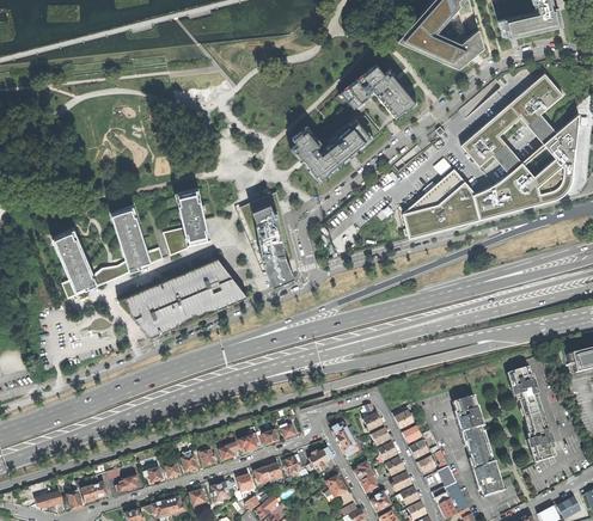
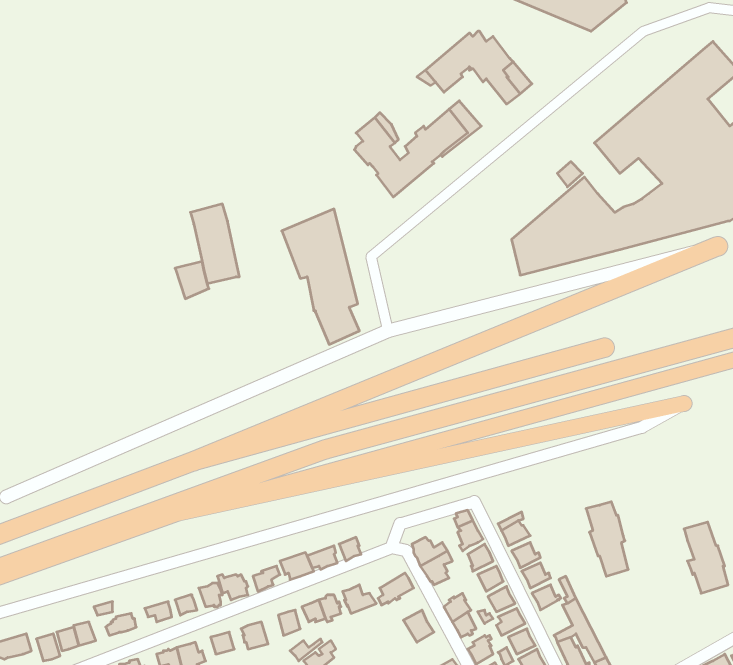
building: [51,203,164,299] -> none
building: [121,258,247,338] -> none
building: [508,367,540,417] -> none
building: [469,446,502,495] -> none

